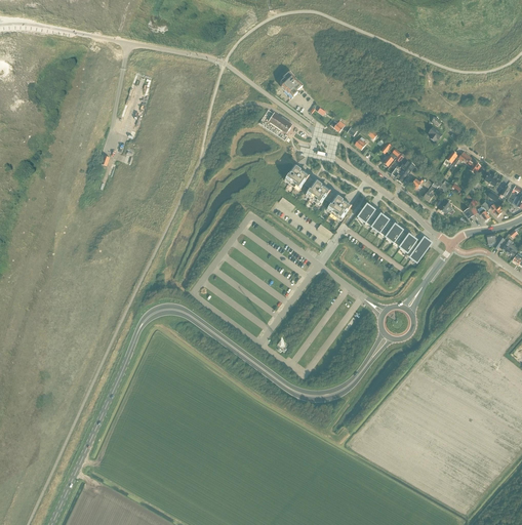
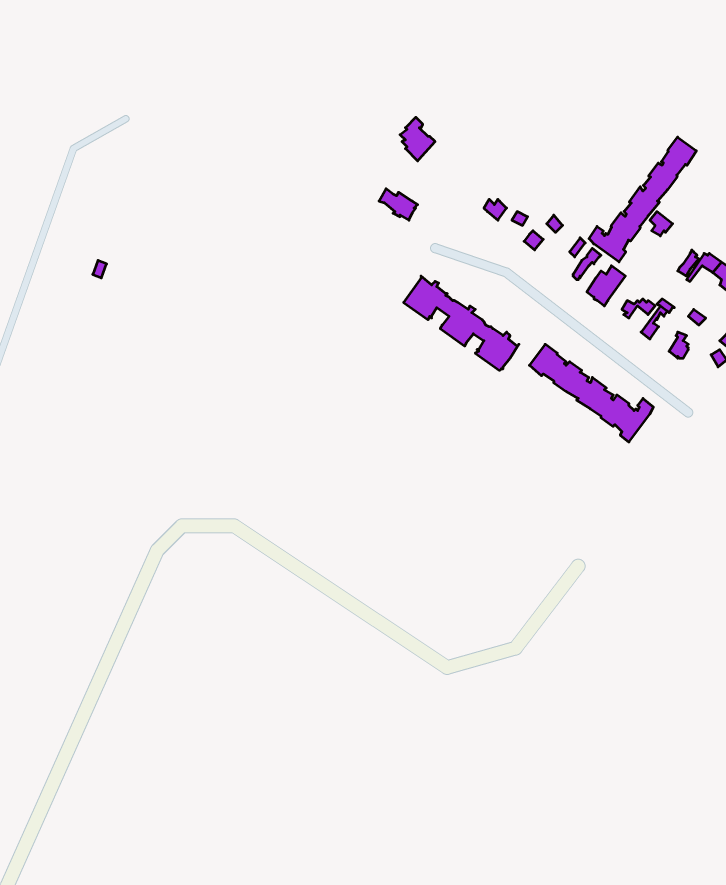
building: none -> [589,137,696,262]

